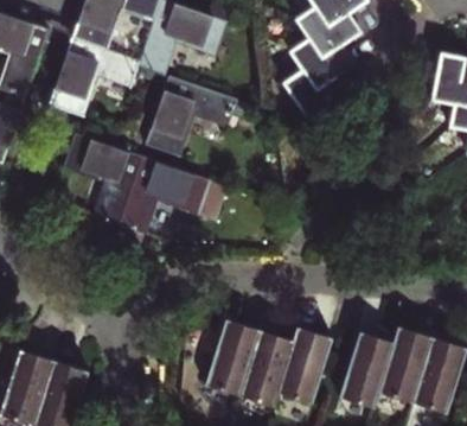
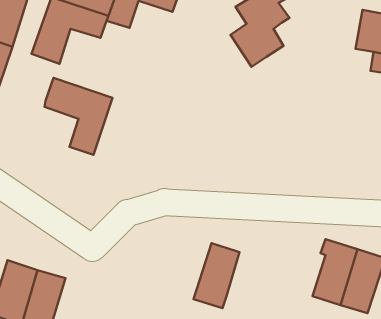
building: [146,77,237,158] -> none
building: [116,158,217,252] -> none
building: [205,318,262,396] -> none
building: [280,325,332,403] -> none
building: [339,331,397,409] -> none

